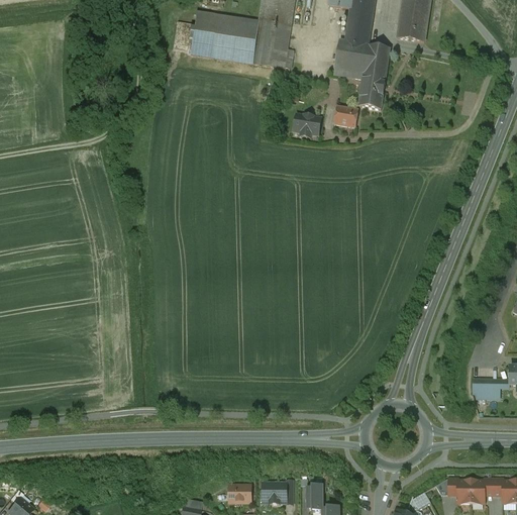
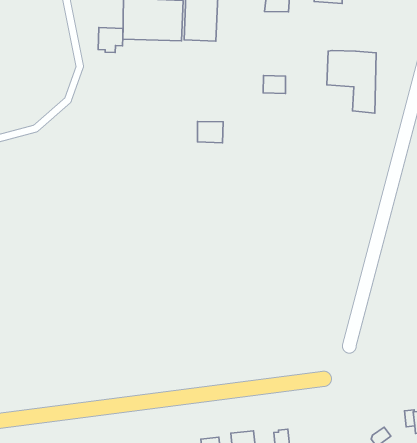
building: none -> [98,28,123,52]
building: [333,40,389,111] -> [327,51,376,113]
building: [294,112,323,137] -> [197,122,223,143]

